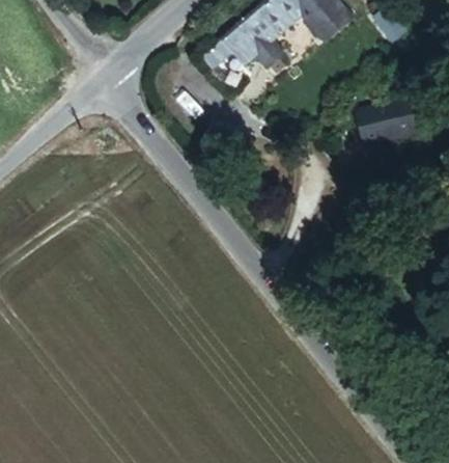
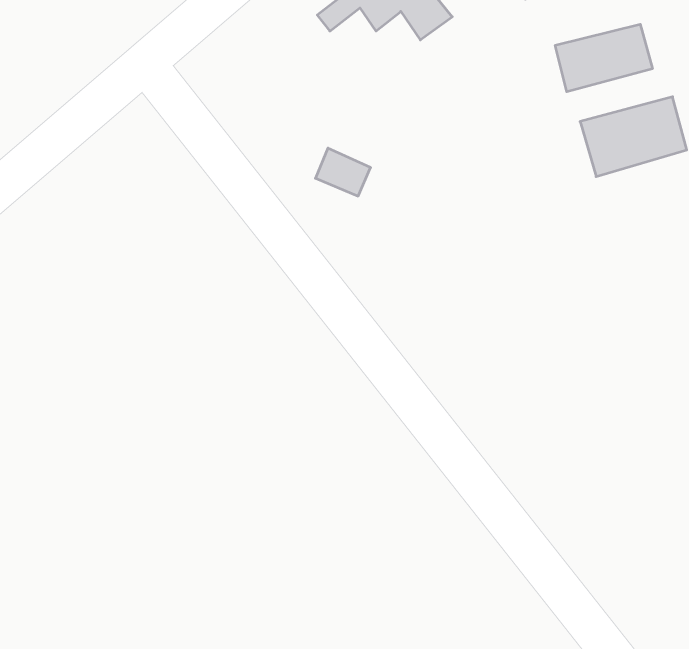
building: none -> [555,24,652,92]

